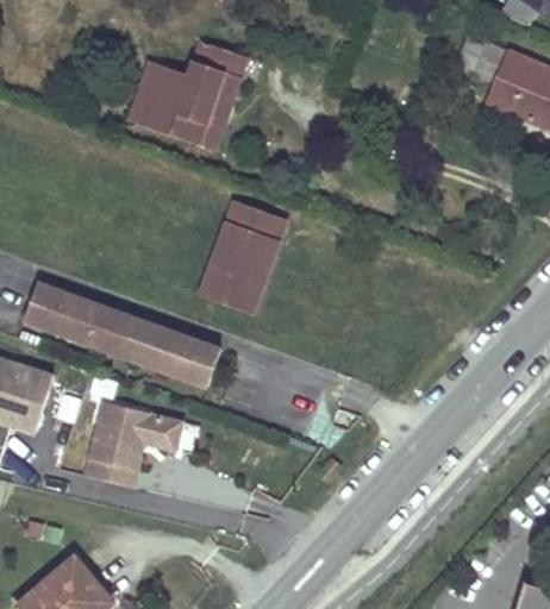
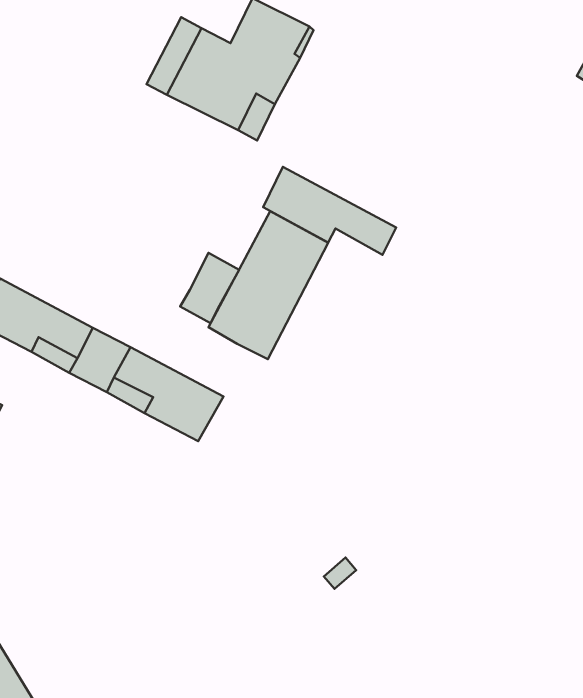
building: none -> [263,167,396,255]
building: none -> [180,253,239,323]
building: [80,406,182,488] -> none

